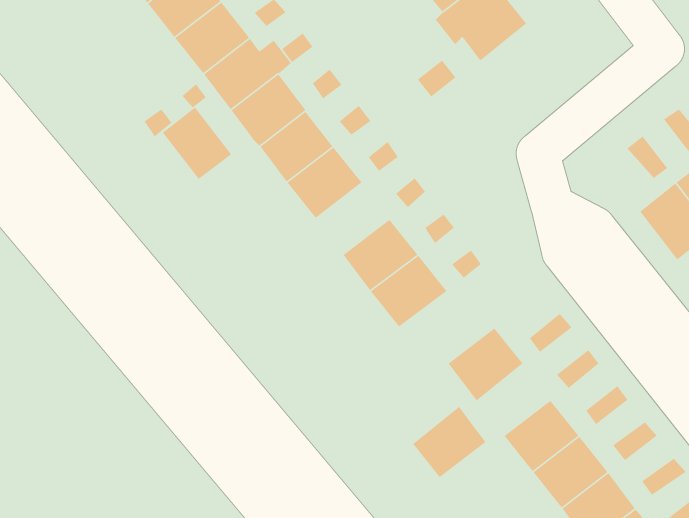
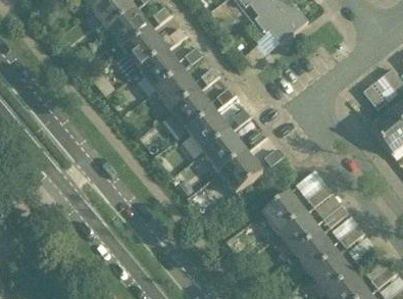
building: [162,106,232,181] -> none
building: none -> [187,109,229,150]
building: [412,406,486,478] -> [278,211,319,252]

